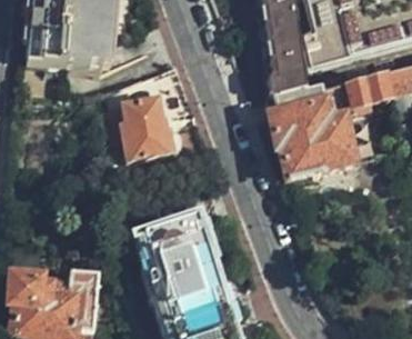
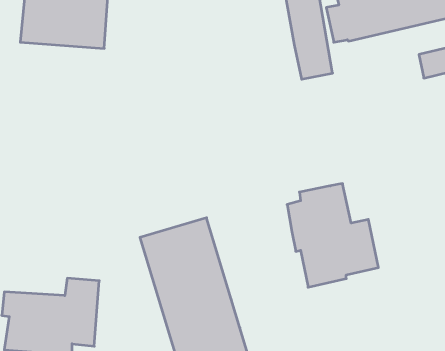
building: [345,71,390,104] -> none
building: [268,86,350,179] -> [287,184,378,287]
building: [124,103,183,154] -> none

